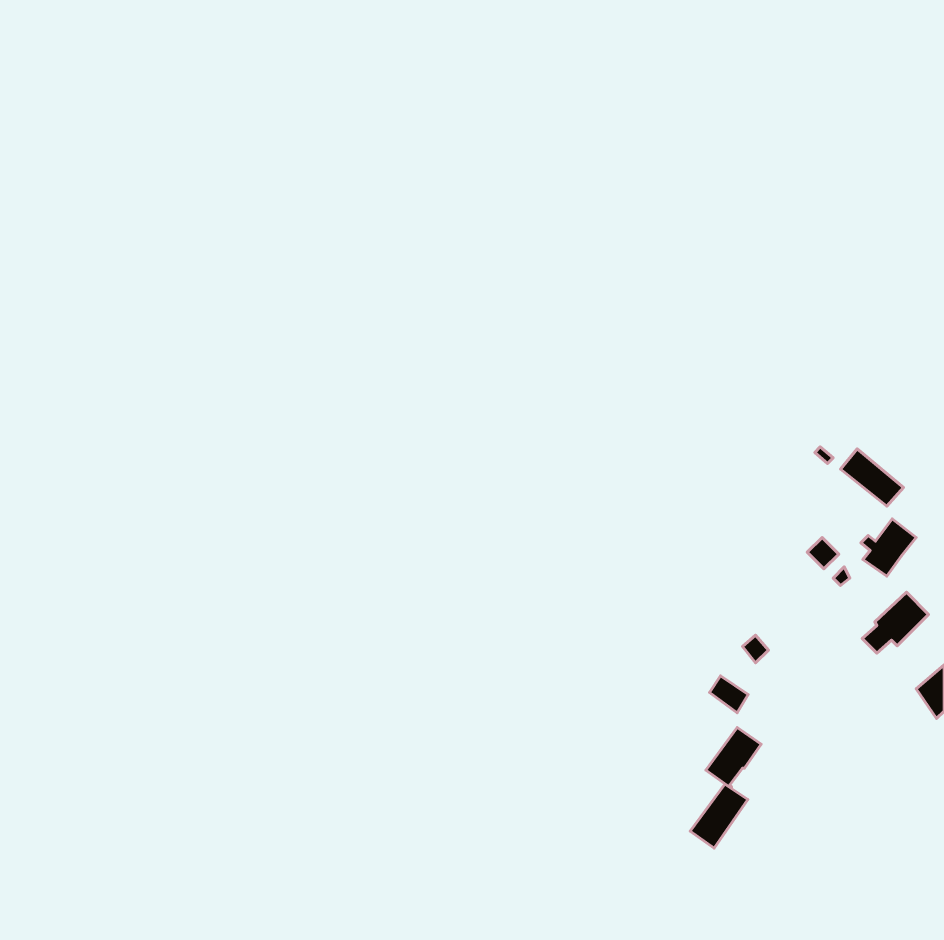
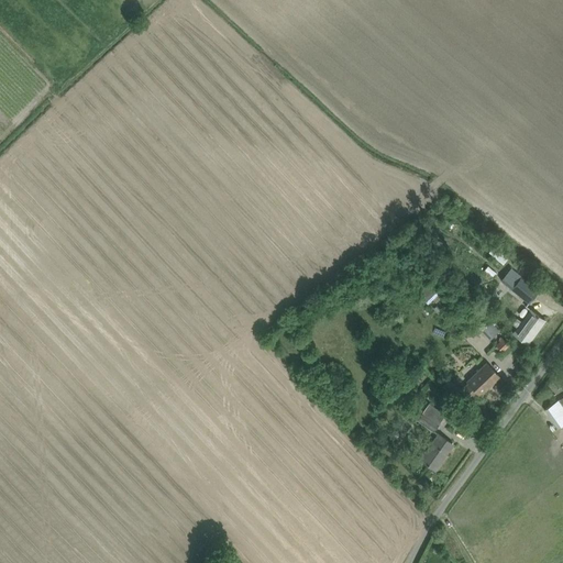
building: [862,592,929,653] -> [460,365,499,401]
building: [690,784,748,848] -> none

